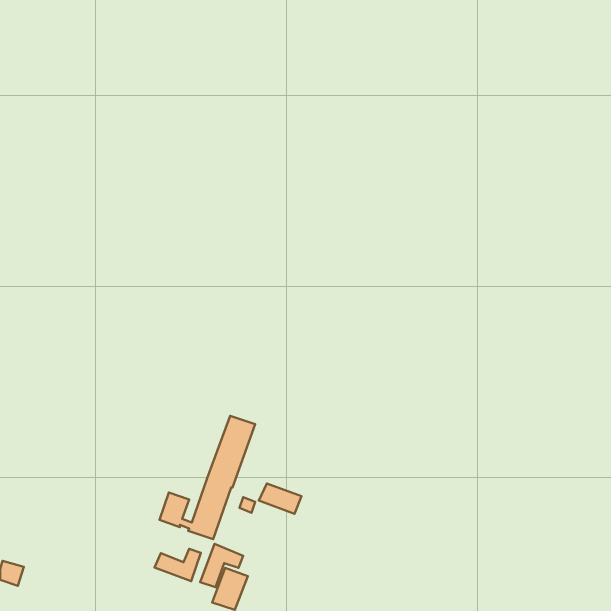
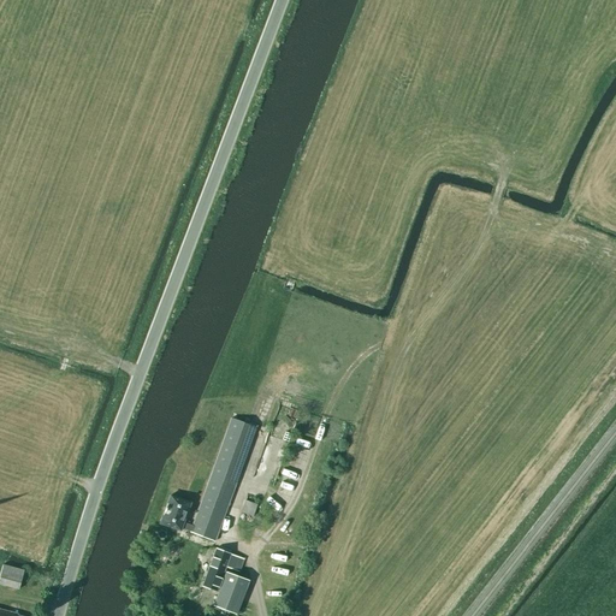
building: [259,484,301,514] -> none
building: [154,549,201,581] -> none

